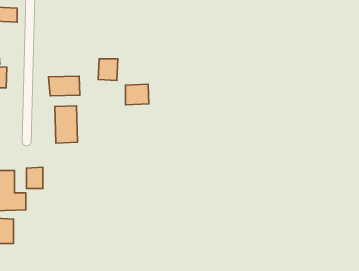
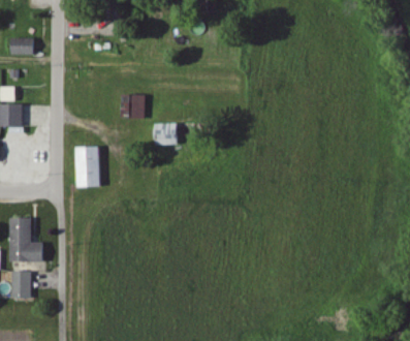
building: [49,76,80,96] -> none
building: [27,167,43,188] -> none

